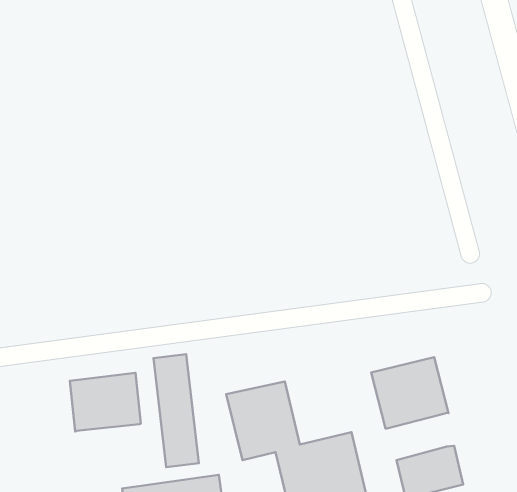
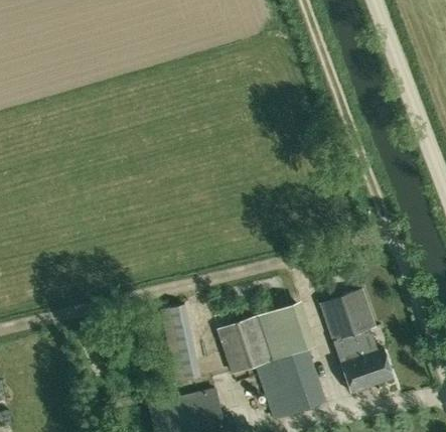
building: none -> [257,302,310,359]
building: [70,373,141,431] -> none
building: none -> [332,329,378,365]

